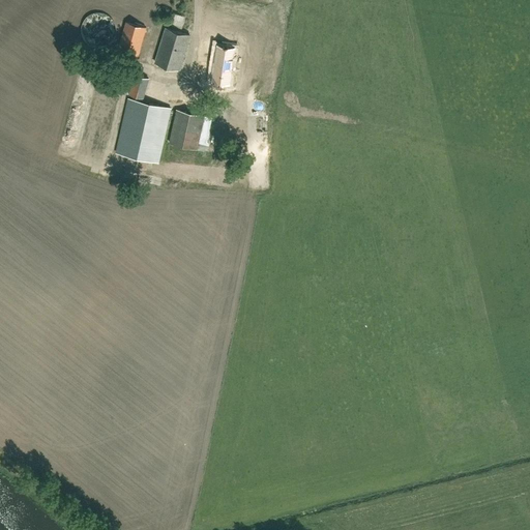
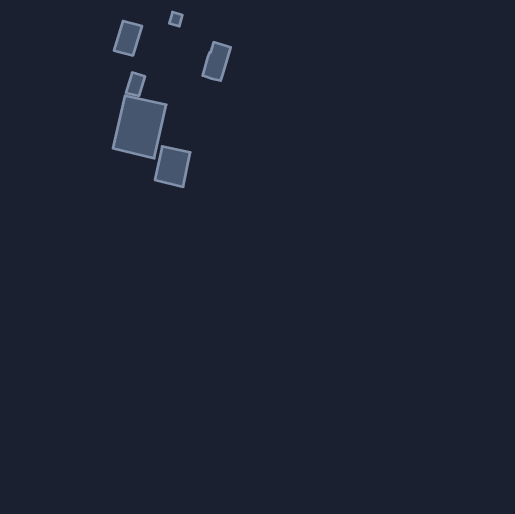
building: [155,28,190,70] -> none
building: [169,110,205,151] -> [155,146,190,187]

